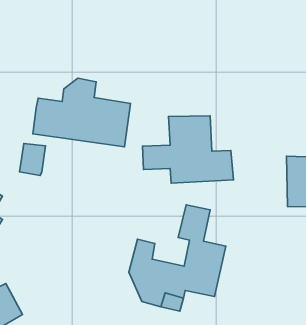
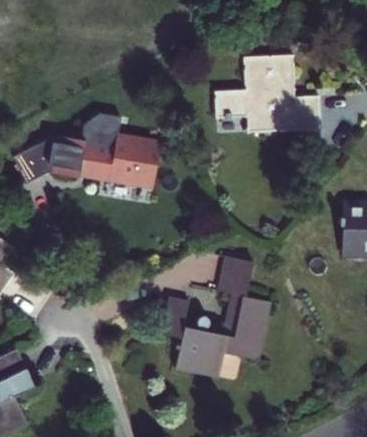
building: [143,116,234,183] -> [214,56,319,134]
building: [19,143,45,175] -> [21,140,51,177]

